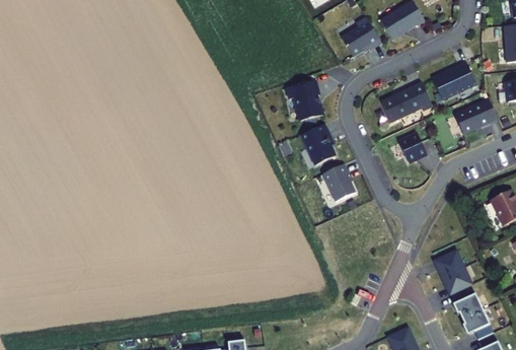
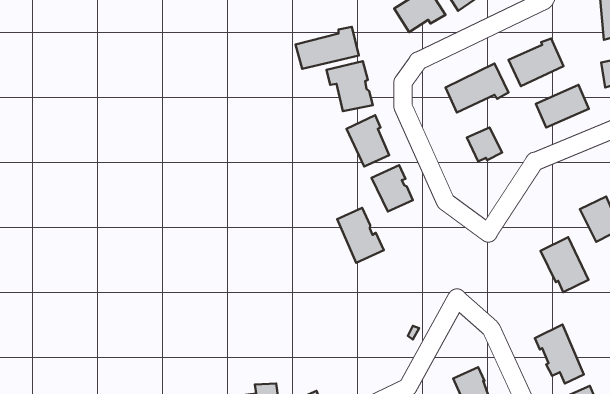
building: none -> [295,27,359,69]
building: none -> [337,208,384,263]
building: [433,249,471,293] -> [541,237,588,292]

